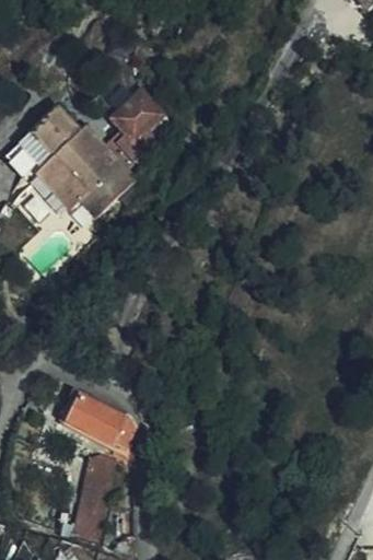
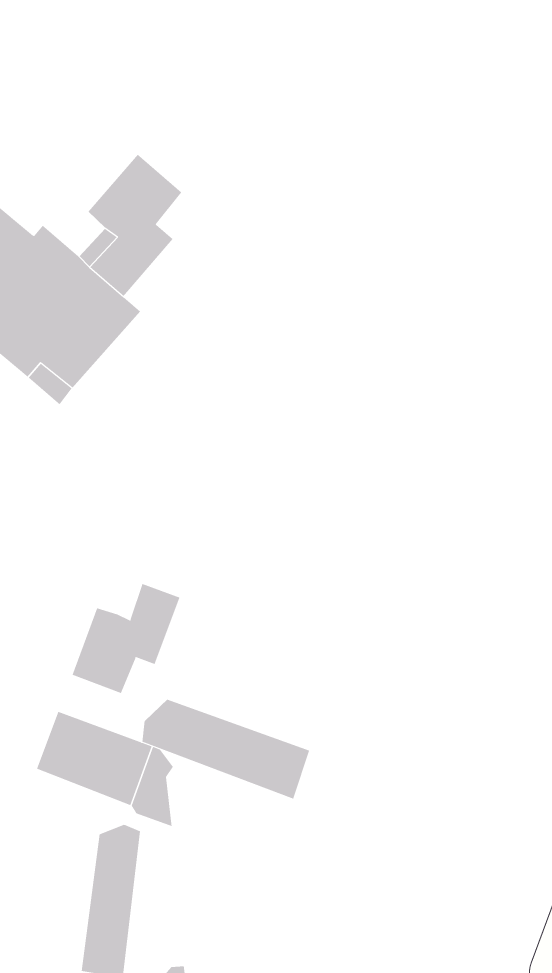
building: none -> [72,583,180,694]
building: none -> [142,699,310,799]

